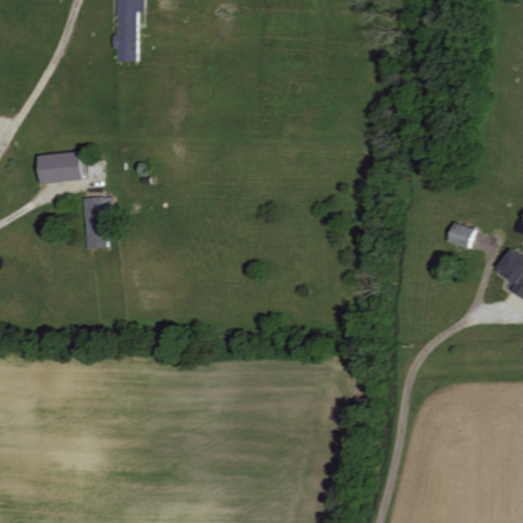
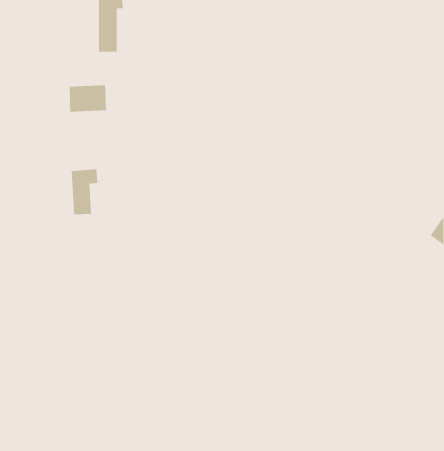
building: [40,151,84,183] -> [69,85,107,112]
building: [447,222,476,248] -> none

